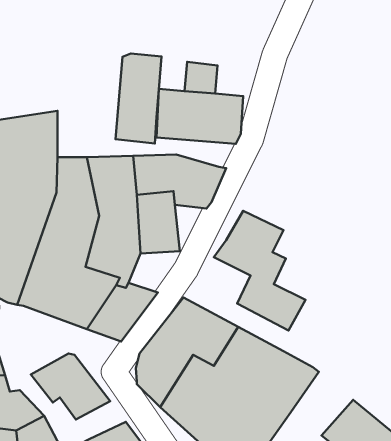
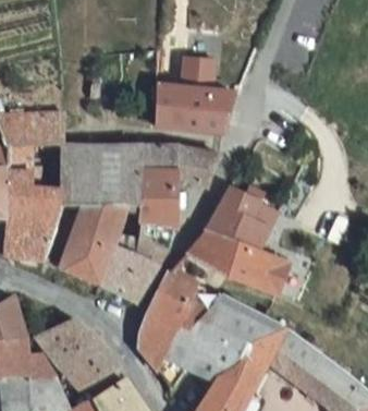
building: [116,53,161,144] -> none
building: none -> [192,232,241,274]
building: none -> [277,335,332,391]

